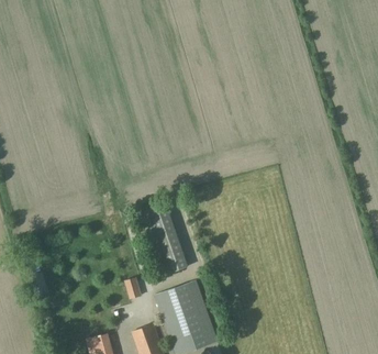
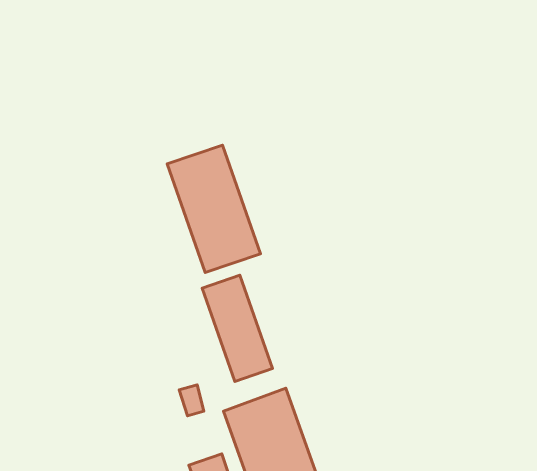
building: none -> [167,145,261,272]

